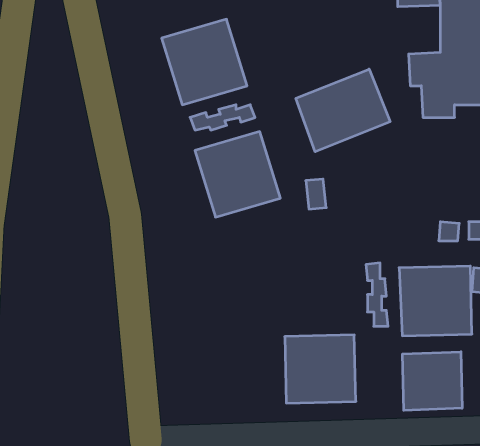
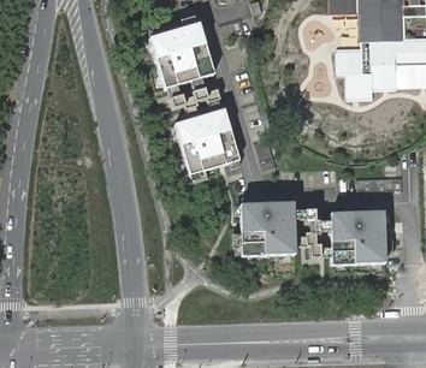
building: [296,69,390,152] -> none
building: [285,335,356,403] -> [242,202,296,254]
building: [403,352,462,410] -> none

